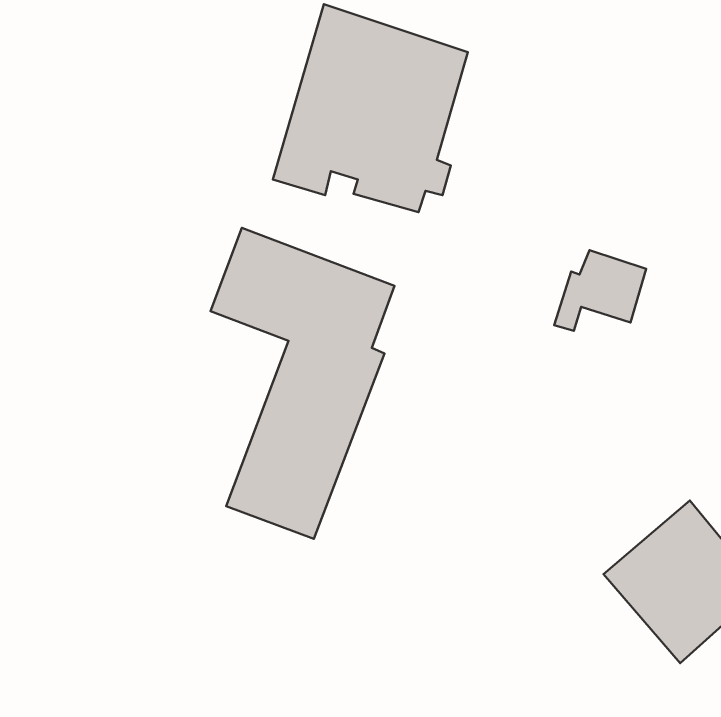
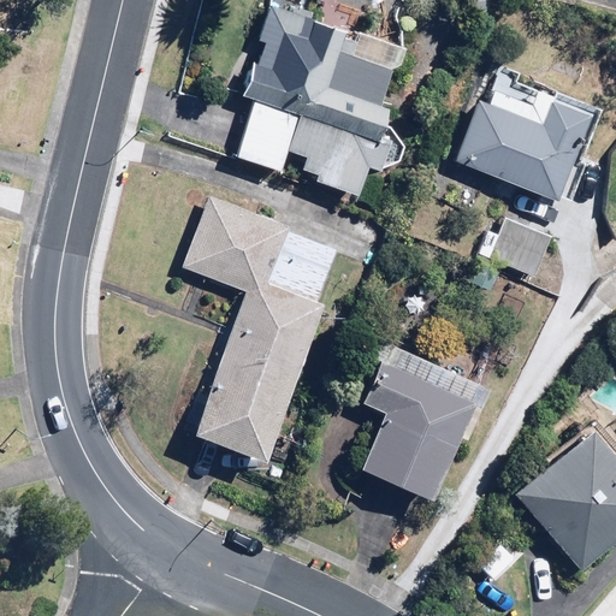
building: none -> [456,65,602,202]
building: none -> [362,339,488,498]

